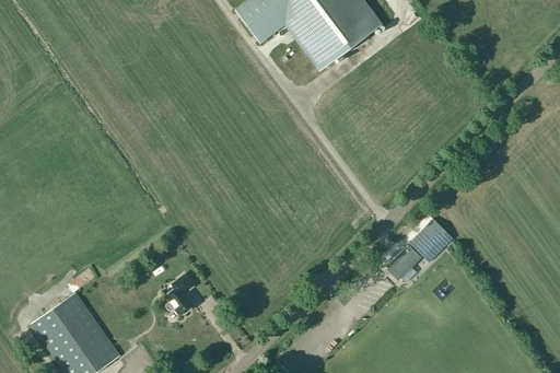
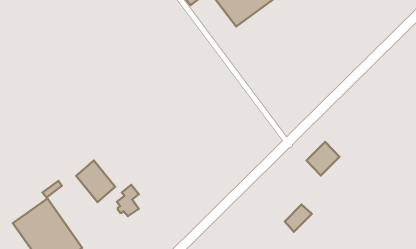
building: none -> [76,160,115,202]
building: [386,245,421,280] -> [285,205,312,232]

